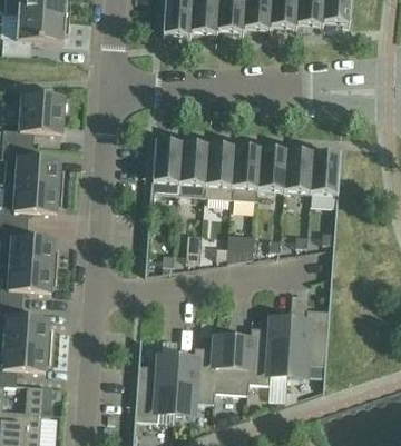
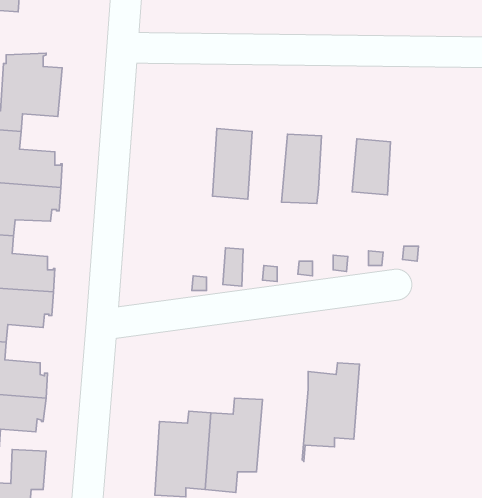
building: [150,140,182,192] -> none
building: [205,143,235,197] -> none
building: [258,147,287,189] -> none
building: [311,151,341,192] -> none
building: [285,307,330,378] -> none
building: [212,336,251,402] -> none

